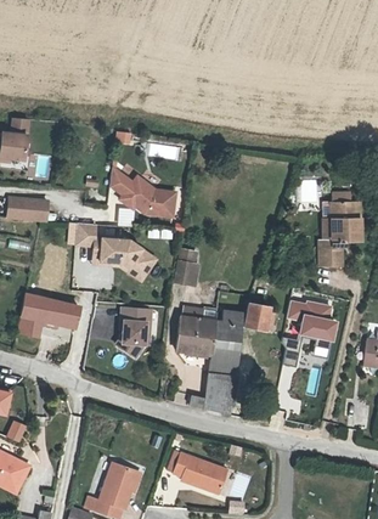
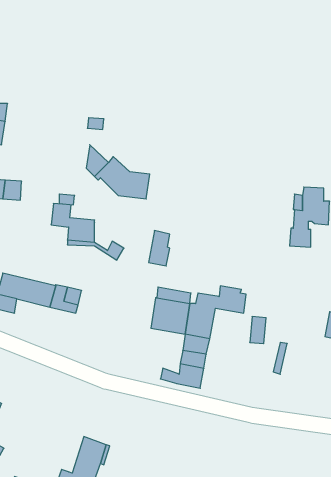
building: [122,241,158,270] -> none
building: [287,299,334,357] -> none
building: [120,306,152,356] -> none
building: [171,452,230,495] -> none

